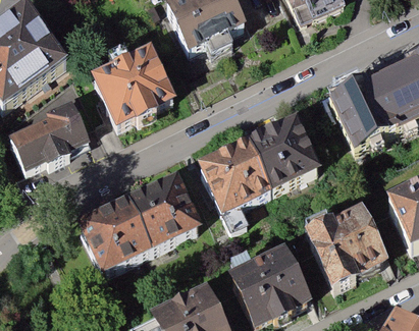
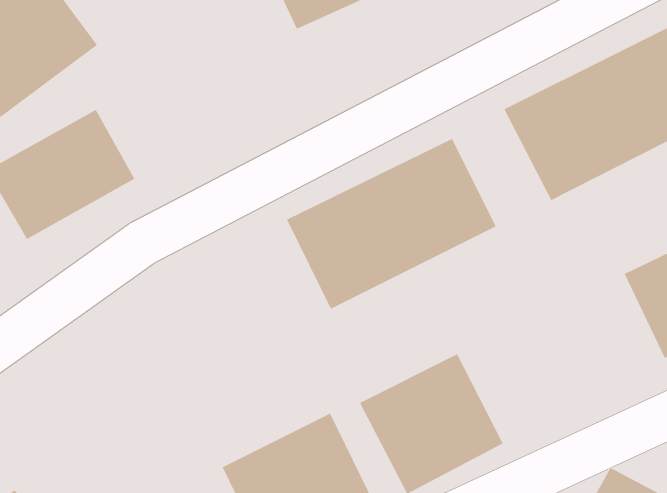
building: [92,44,177,126] -> none
building: [61,173,191,277] -> none
building: [302,202,394,291] -> none

